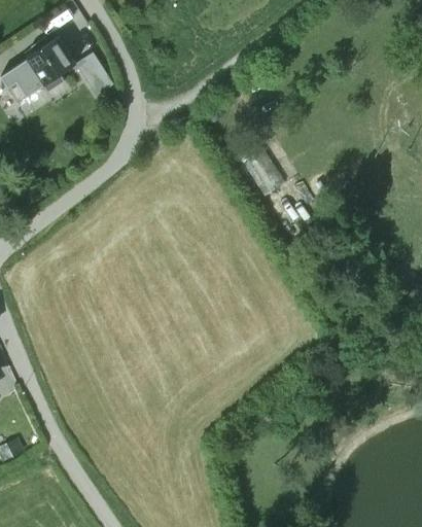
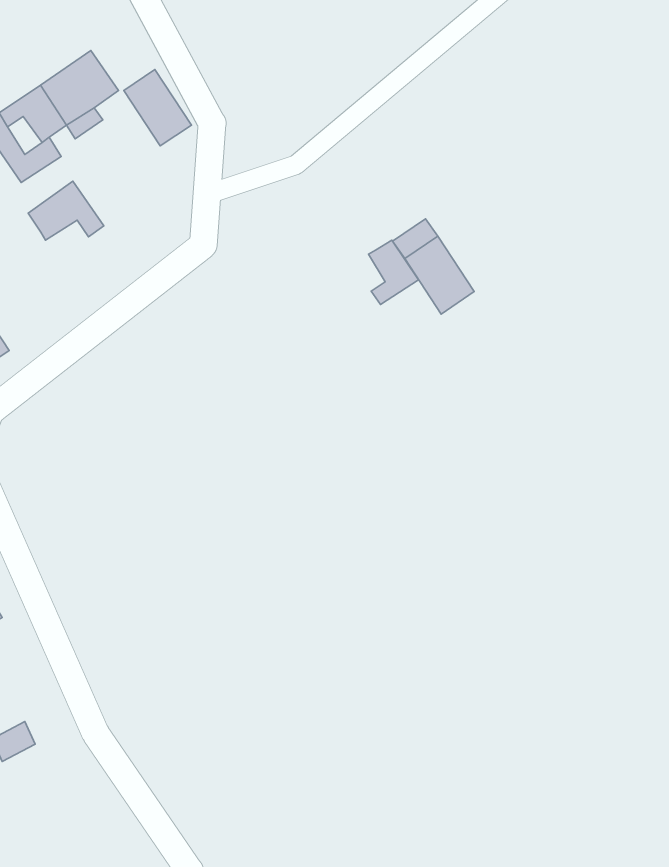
building: none -> [28,181,104,240]
building: none -> [369,240,418,305]

